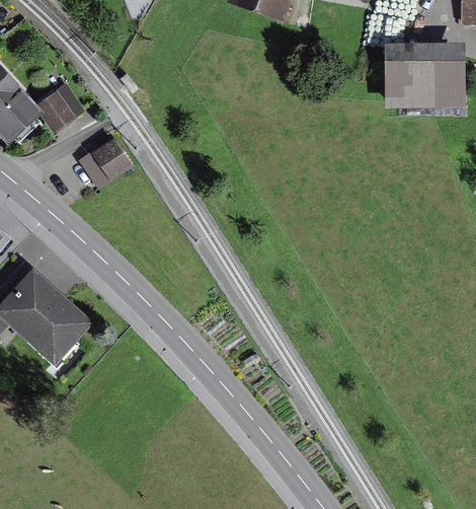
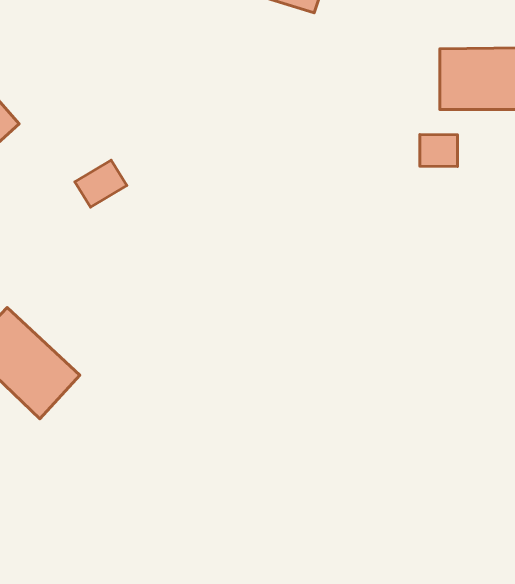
building: [42,91,81,131] -> none
building: none -> [420,134,457,167]

